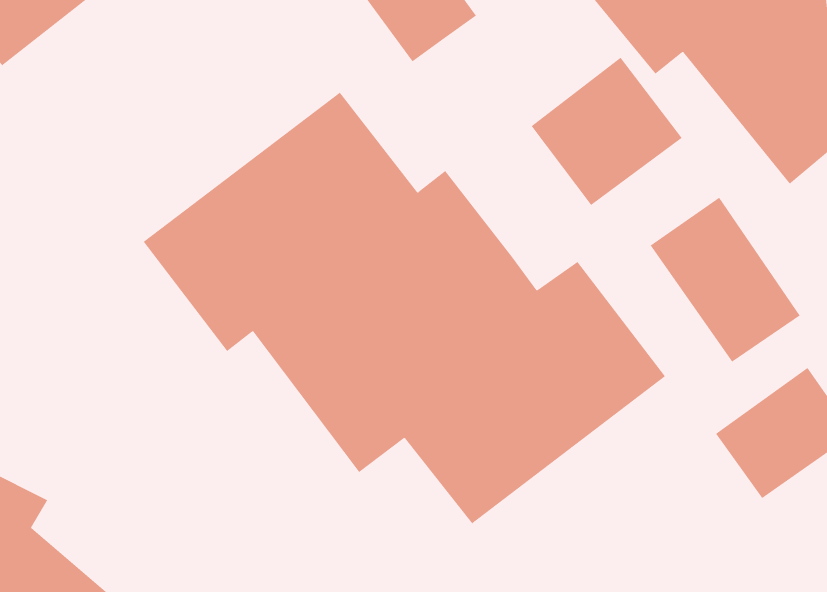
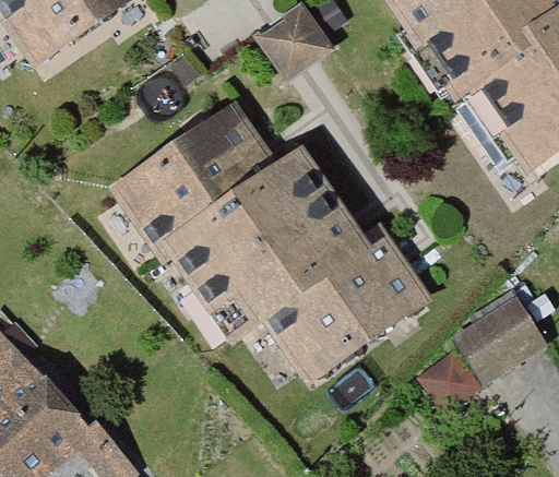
building: [531,57,683,206] -> none
building: [650,197,801,363] -> none

